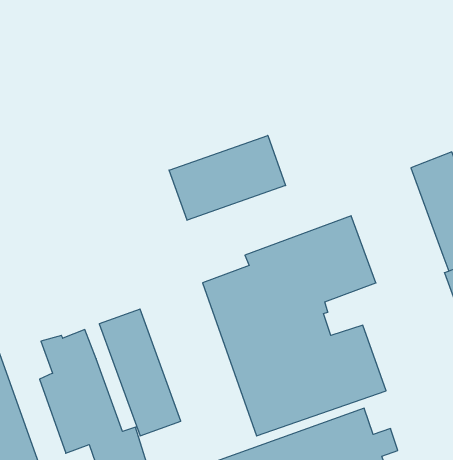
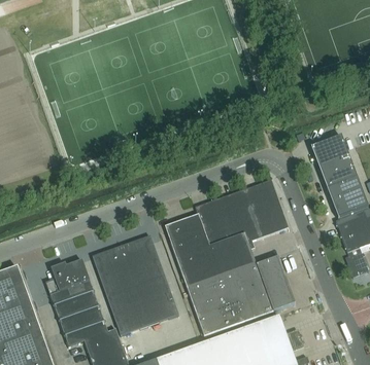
building: [169,135,286,220] -> none
building: none -> [121,235,178,325]

